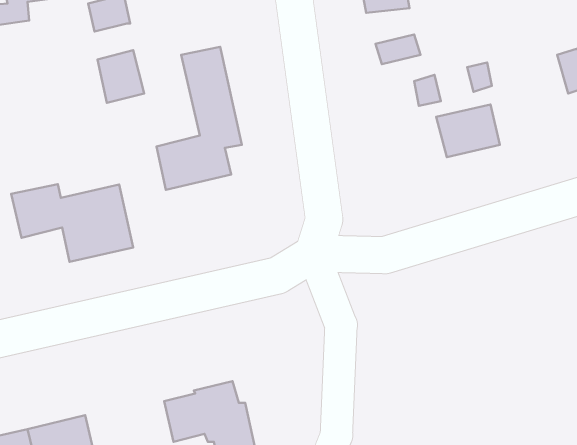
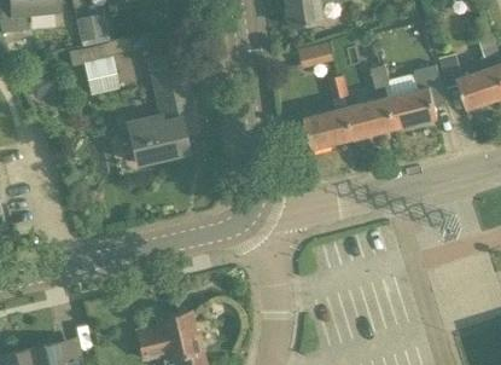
building: none -> [388,65,443,129]
building: none -> [304,108,354,150]
building: [11,184,133,262] -> none

